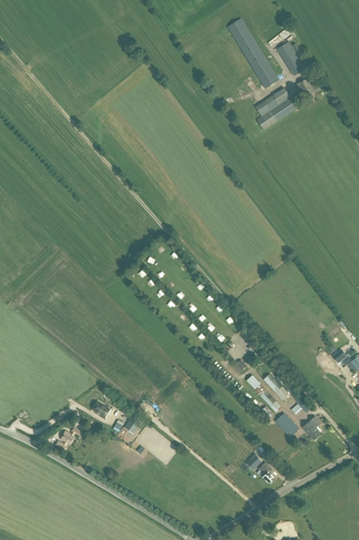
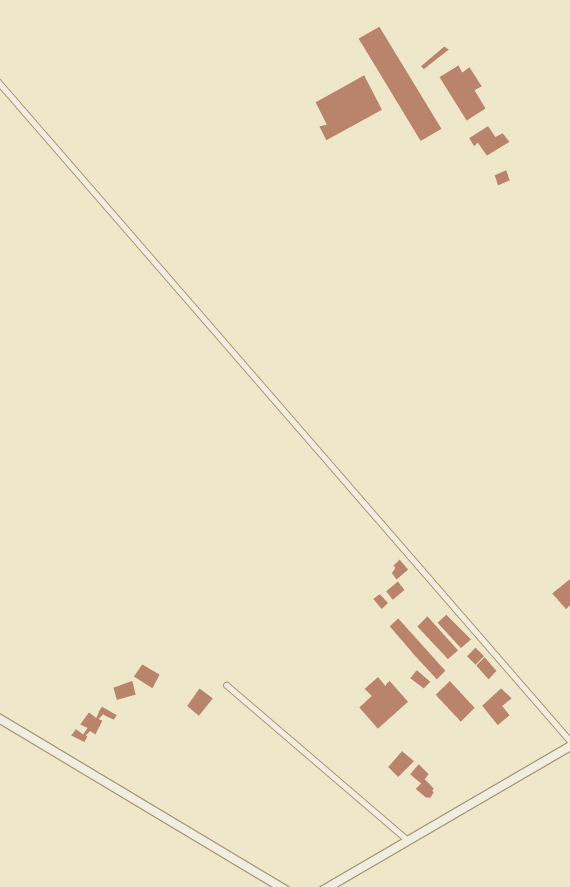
building: [252,89,293,129] -> [315,75,383,141]
building: none -> [358,676,409,730]

